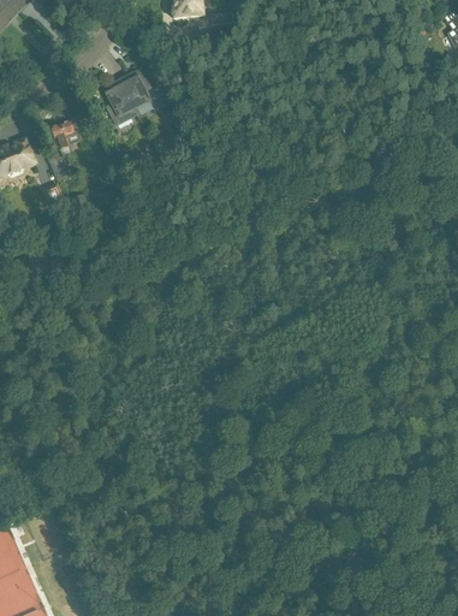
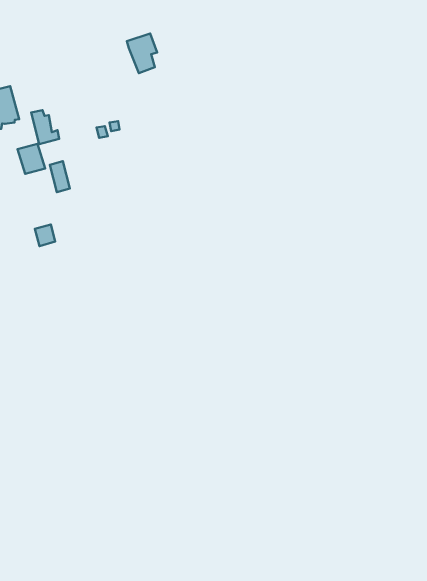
building: [108,79,136,123] -> none
building: [50,119,82,148] -> none

